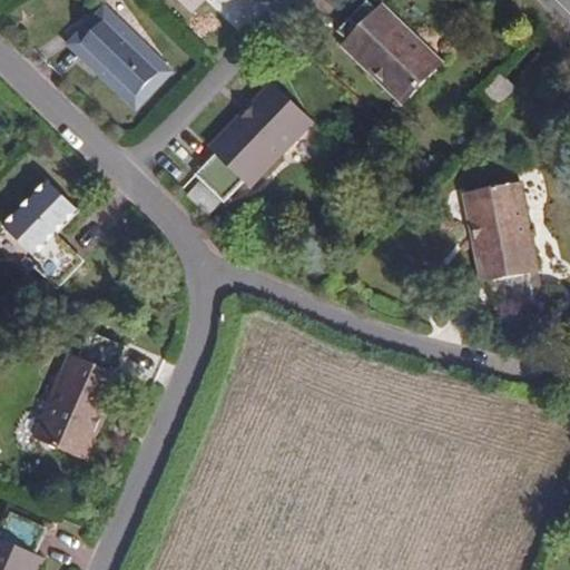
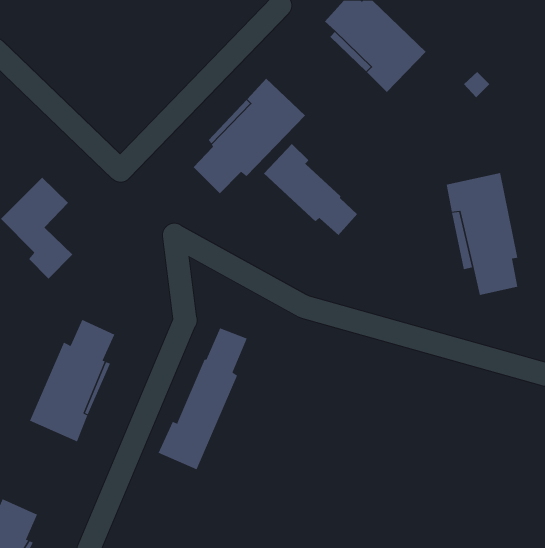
building: [69,8,163,99] -> none
building: none -> [263,143,358,236]
building: none -> [158,327,248,470]

